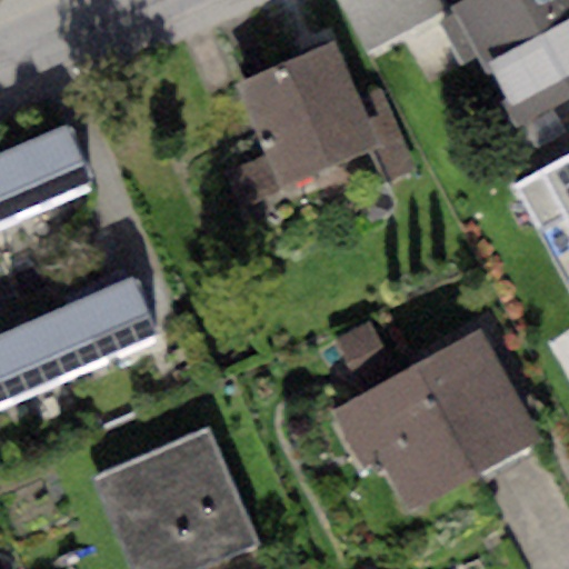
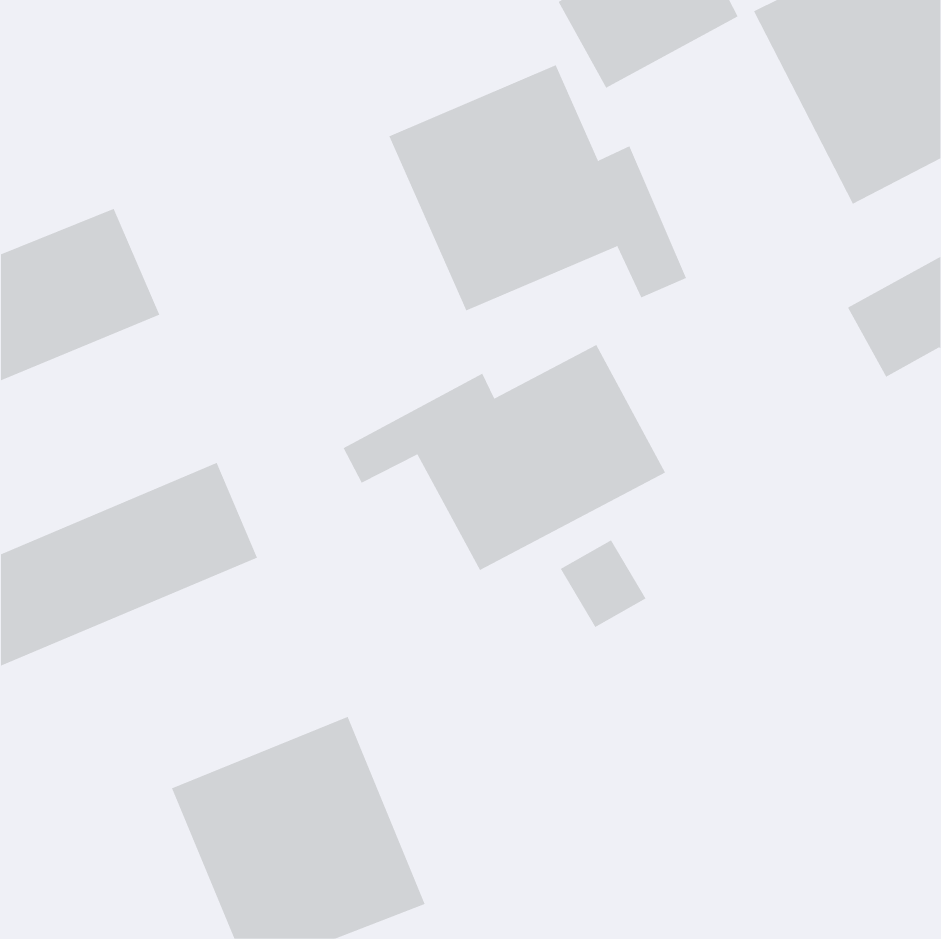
building: none -> [343,344,666,571]
building: [332,329,542,510] -> none

